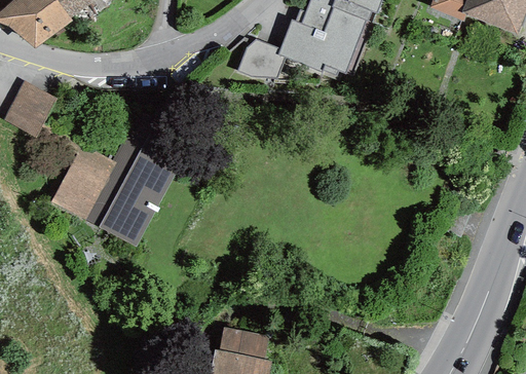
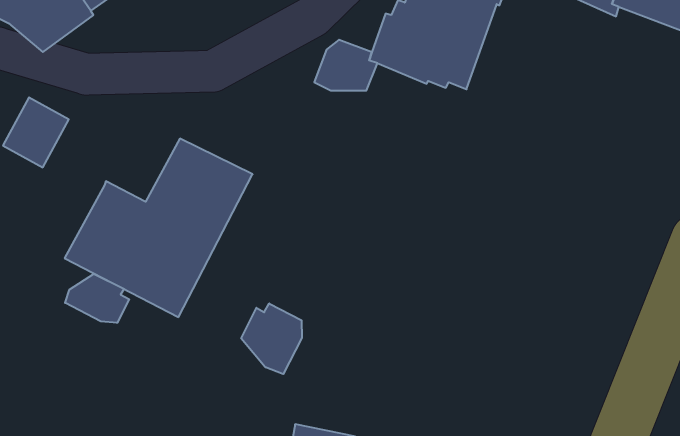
building: none -> [65,274,129,323]
building: none -> [241,303,302,374]

